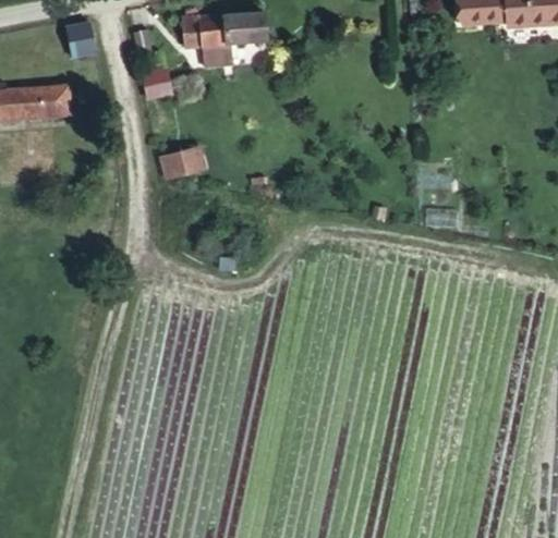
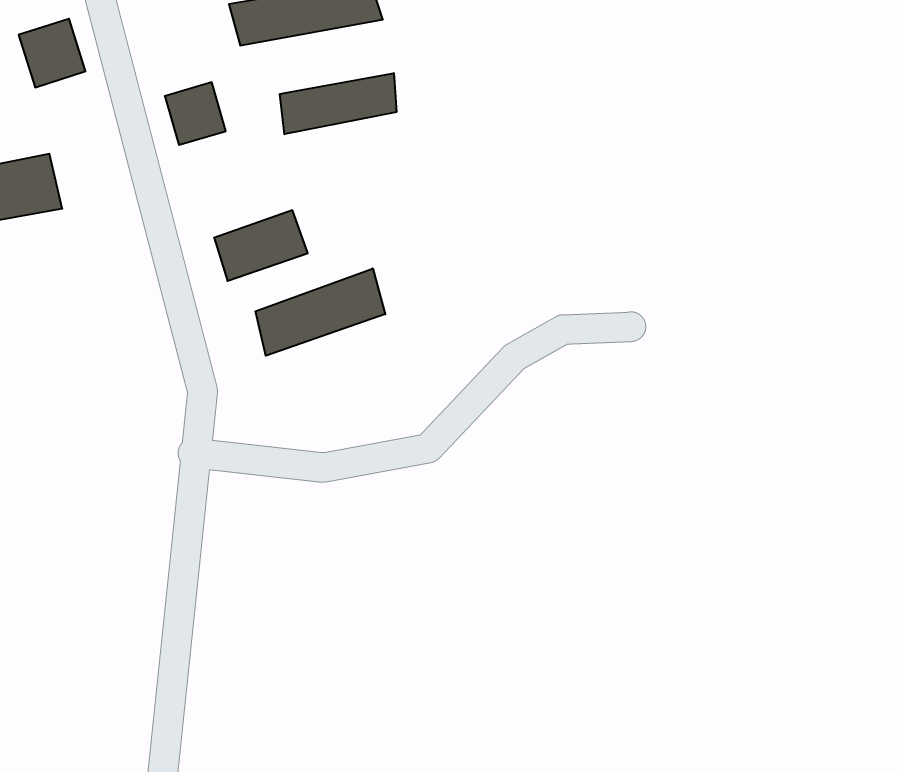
building: none -> [280,73,396,134]
building: none -> [255,268,385,356]

